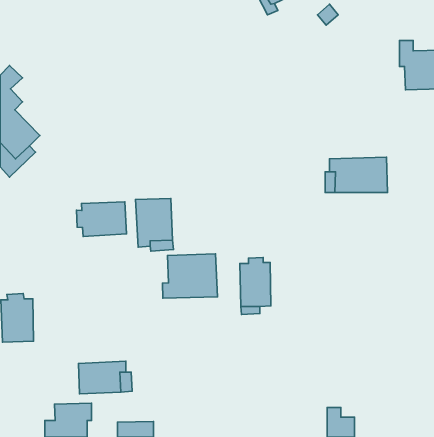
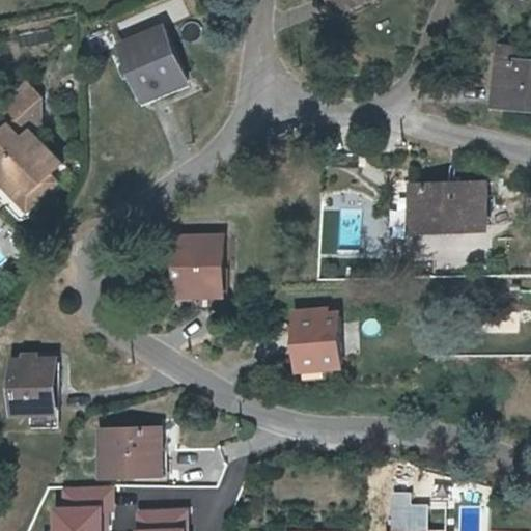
building: none -> [120,29,184,103]
building: [77,202,127,236] -> none
building: [163,254,218,298] -> none

